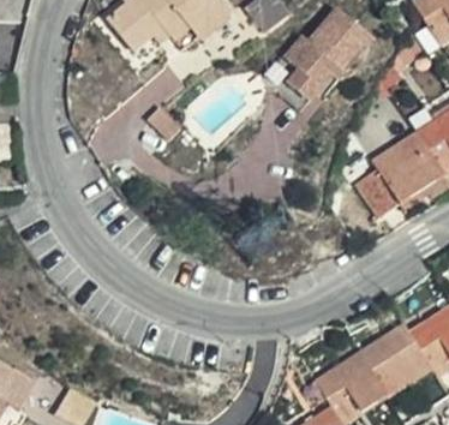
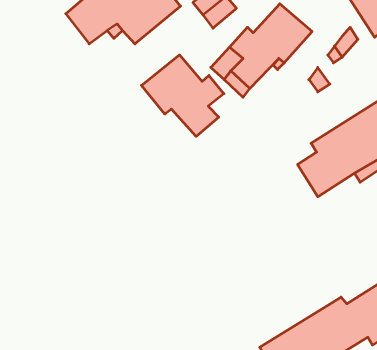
building: none -> [141,55,224,136]

